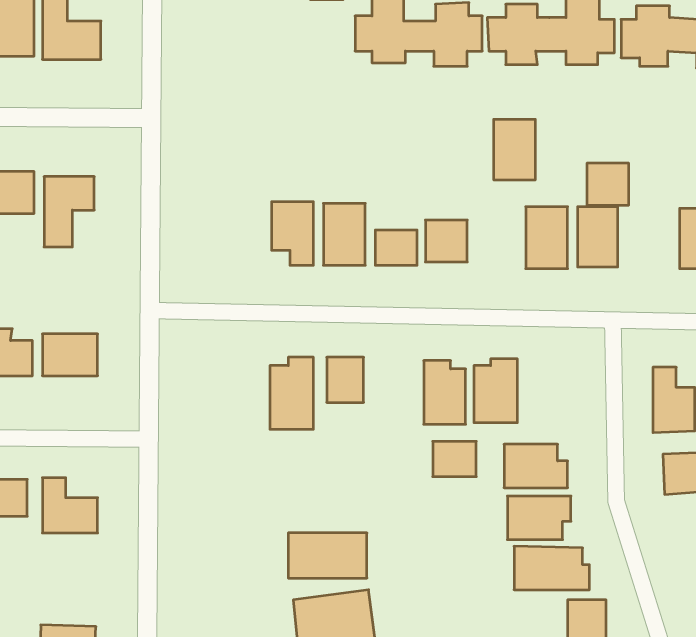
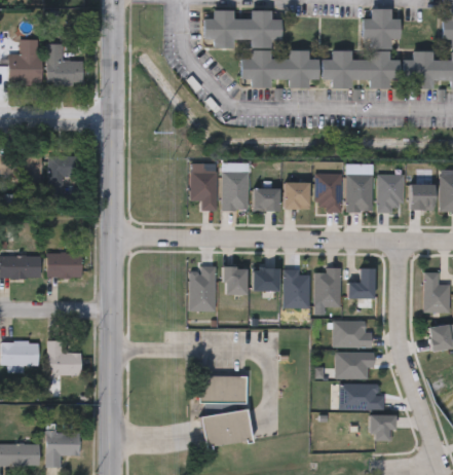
building: [494,119,535,180] -> [314,173,340,210]
building: [587,163,629,205] -> [409,184,435,210]
building: none -> [347,268,374,297]
building: [433,441,476,477] -> [252,268,278,290]

